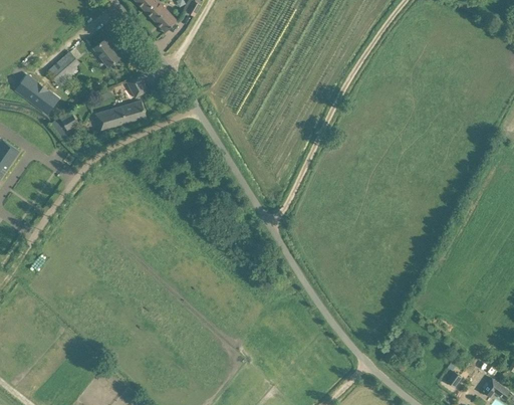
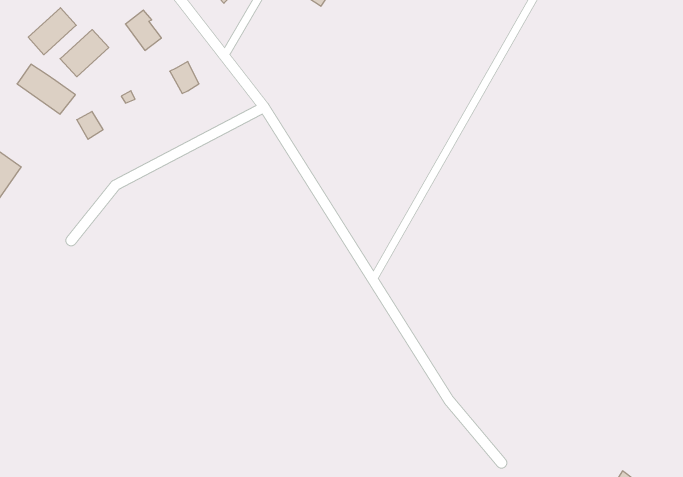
building: none -> [28,8,76,55]
building: [94,102,146,132] -> none

